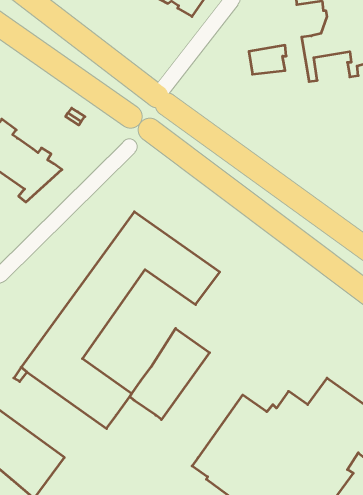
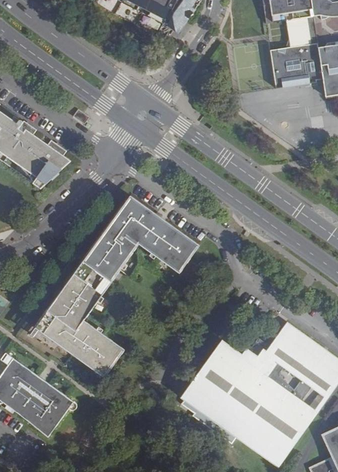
building: [249,45,286,74] -> [279,62,310,86]
building: [130,328,210,420] -> none

